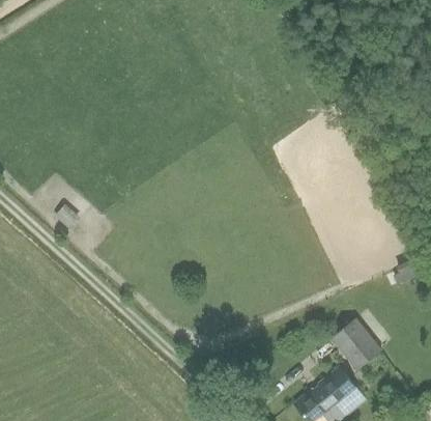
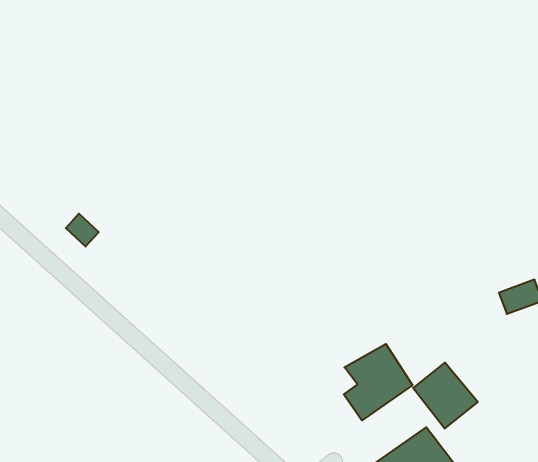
building: none -> [344,344,412,420]

